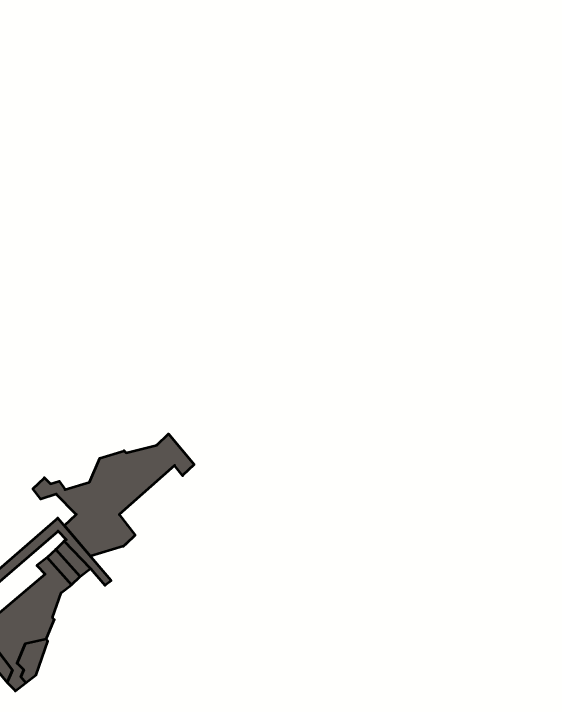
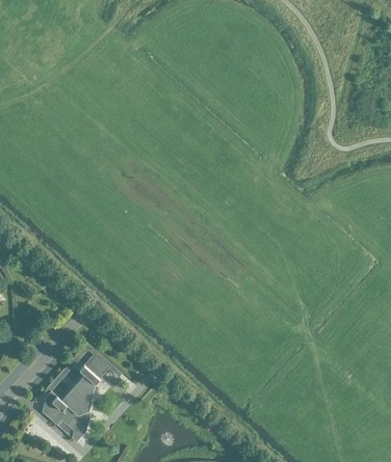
building: [33,434,194,556] -> none

